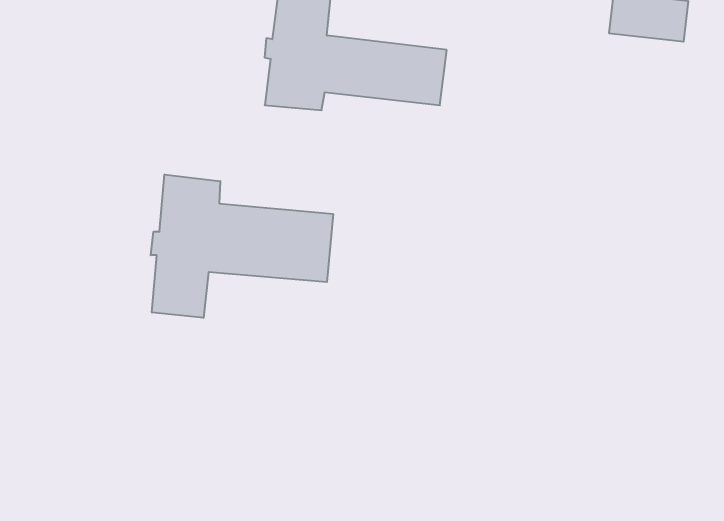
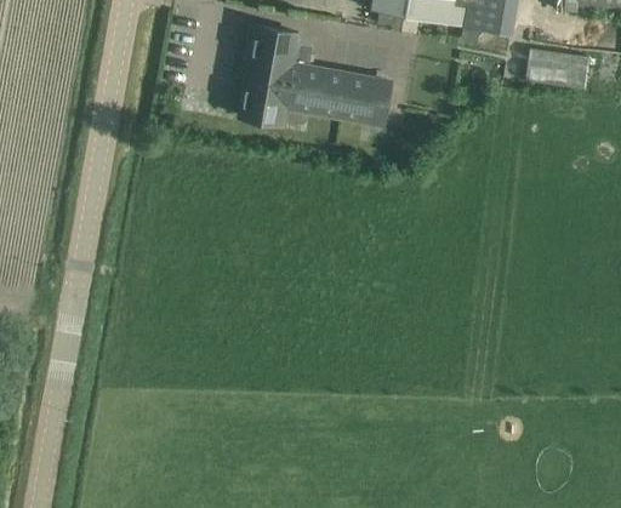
building: [151,174,333,318] -> none

